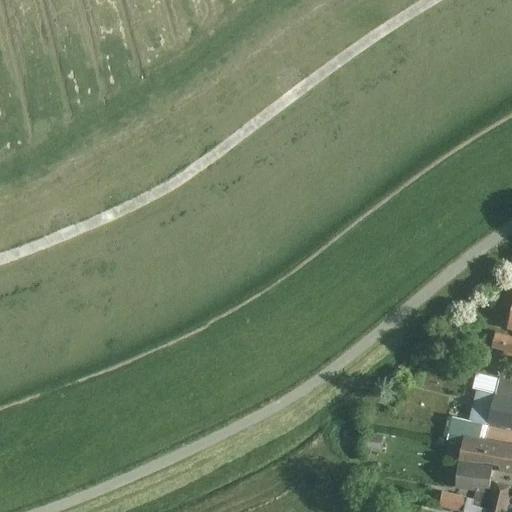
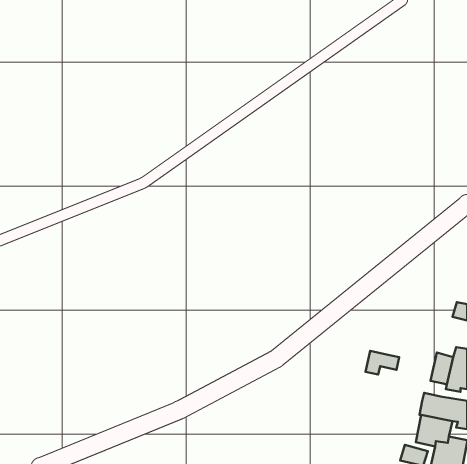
building: [448,416,485,442] -> [365,351,399,375]

